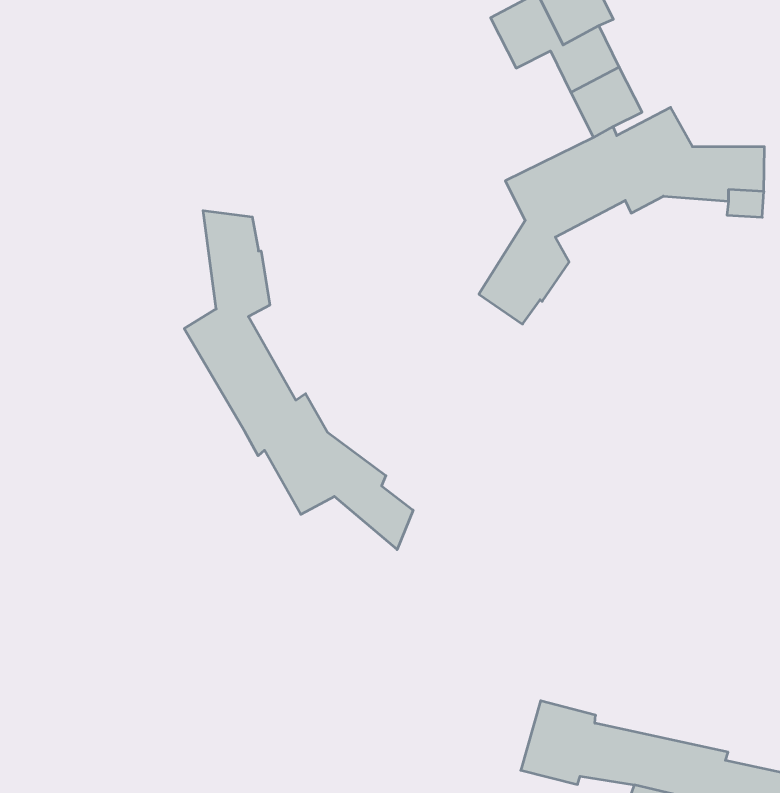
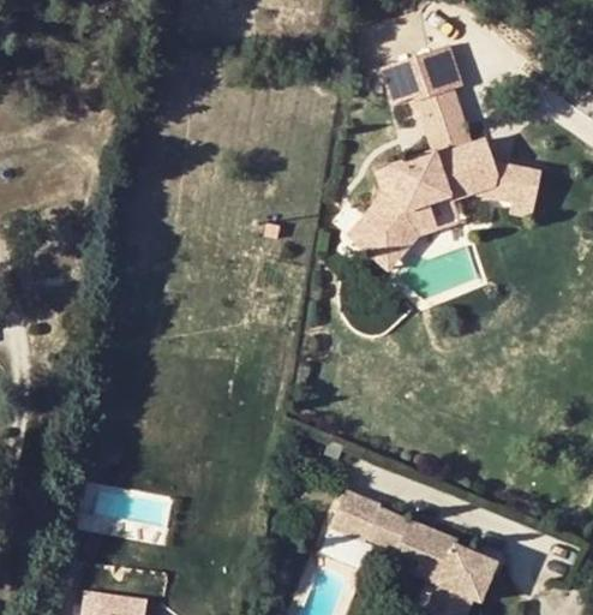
building: none -> [373,190,459,268]
building: [184,211,413,550] -> none

